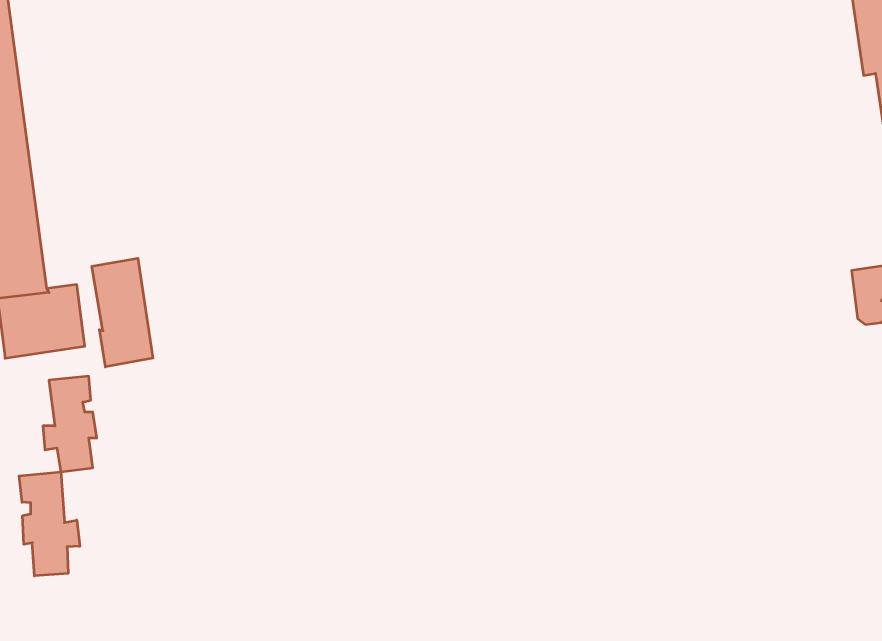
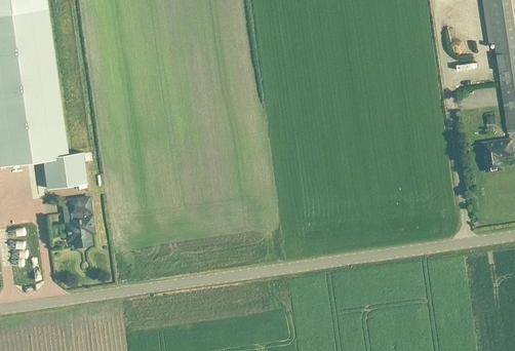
building: [92,258,153,367] -> none
building: [19,472,80,576] -> none

